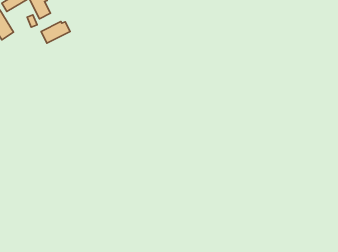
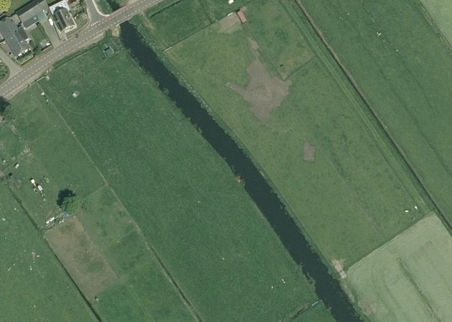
building: [41,22,70,43] -> none

